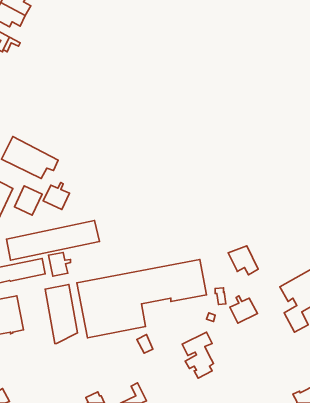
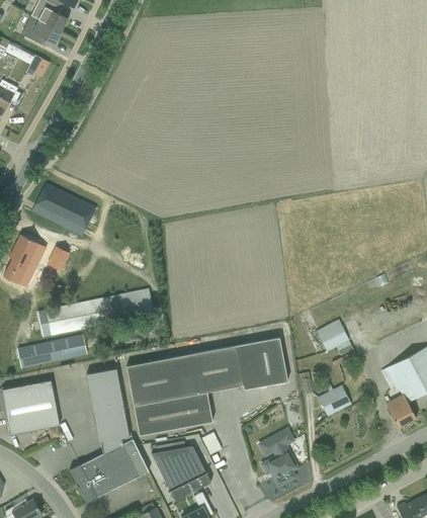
building: [43,182,70,210] -> none
building: [49,253,71,276] -> none
building: none -> [70,429,149,503]
building: none -> [152,440,211,501]

